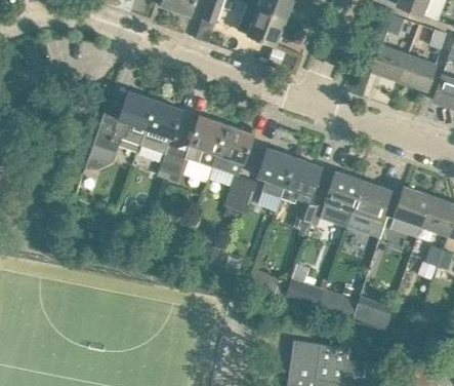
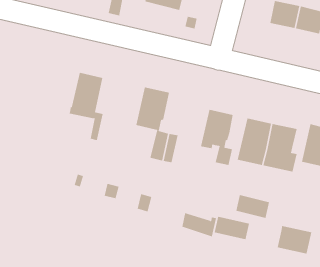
building: [86,90,157,169] -> none
building: [168,116,226,183] -> none
building: [257,148,295,198] -> none
building: [320,290,359,319] -> [235,195,270,218]

